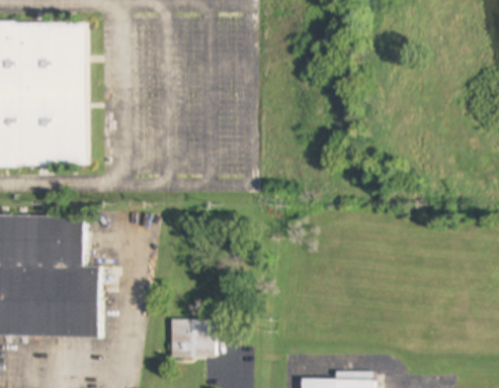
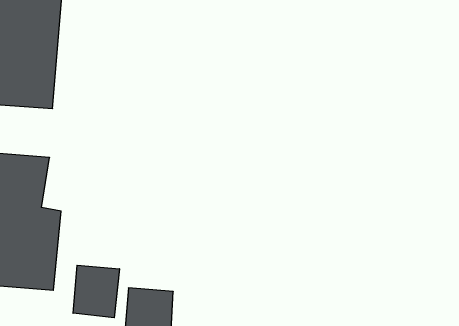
building: none -> [73,265,119,318]

